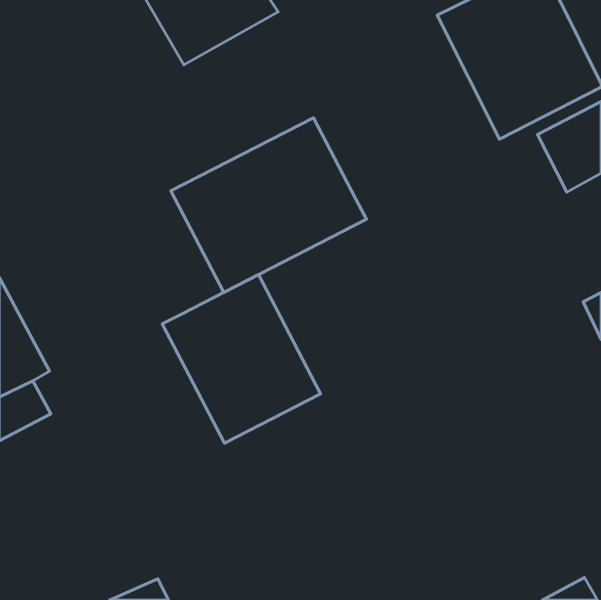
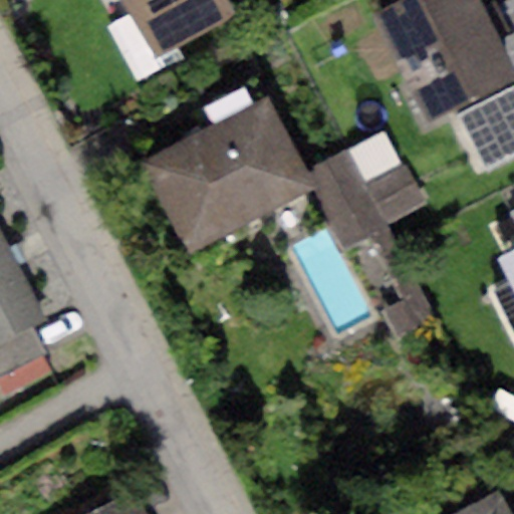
building: none -> [303,147,434,335]
building: [162,275,321,443] -> none

